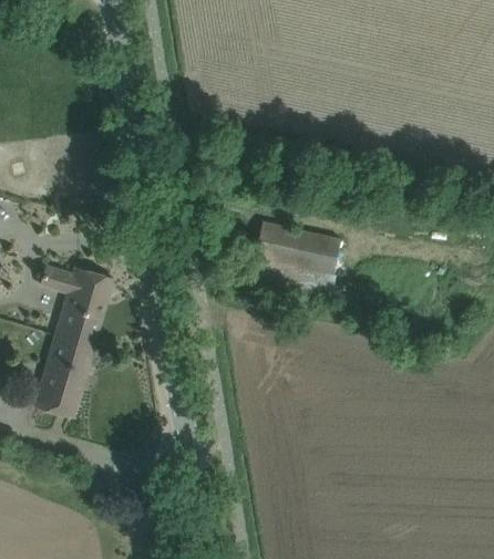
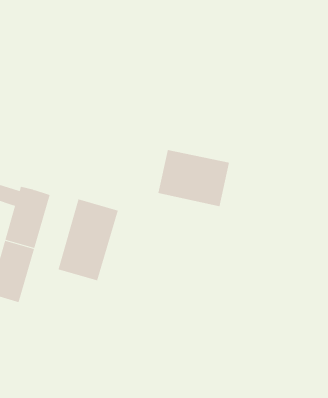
building: none -> [58,198,119,281]

